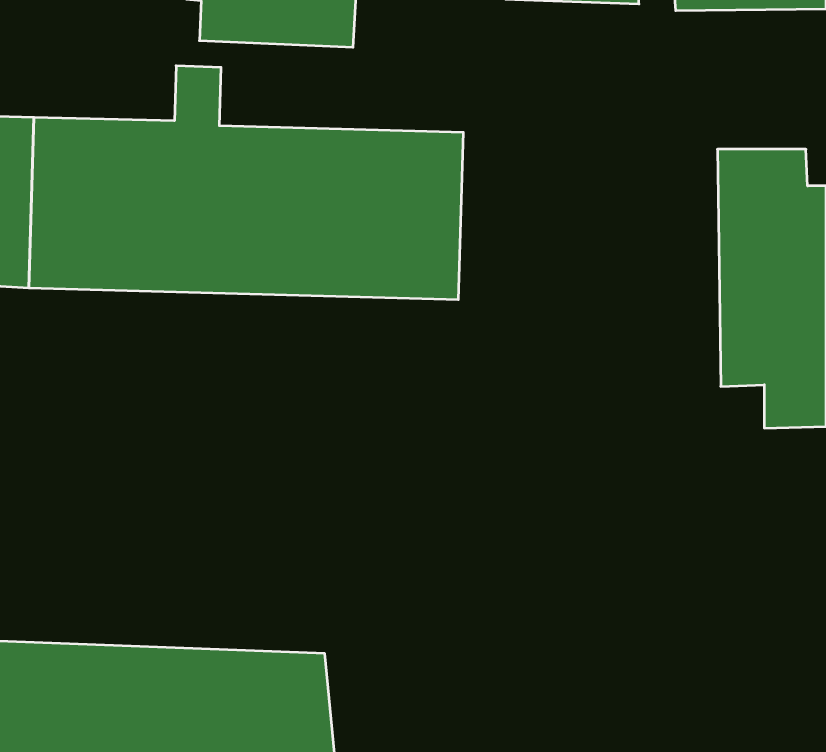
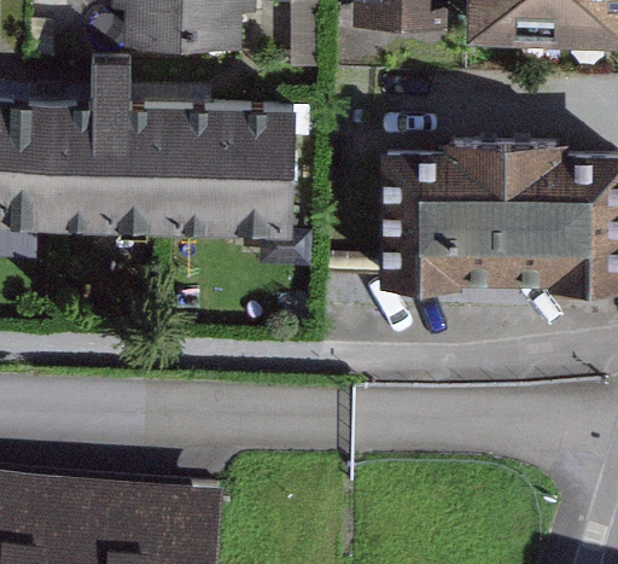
building: none -> [381,120,521,293]

